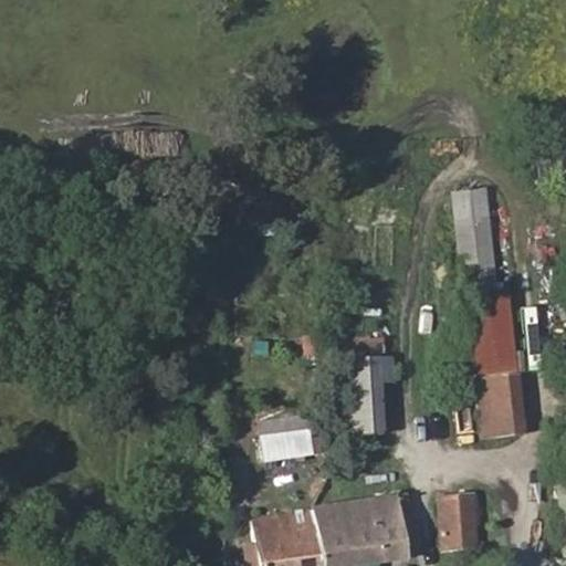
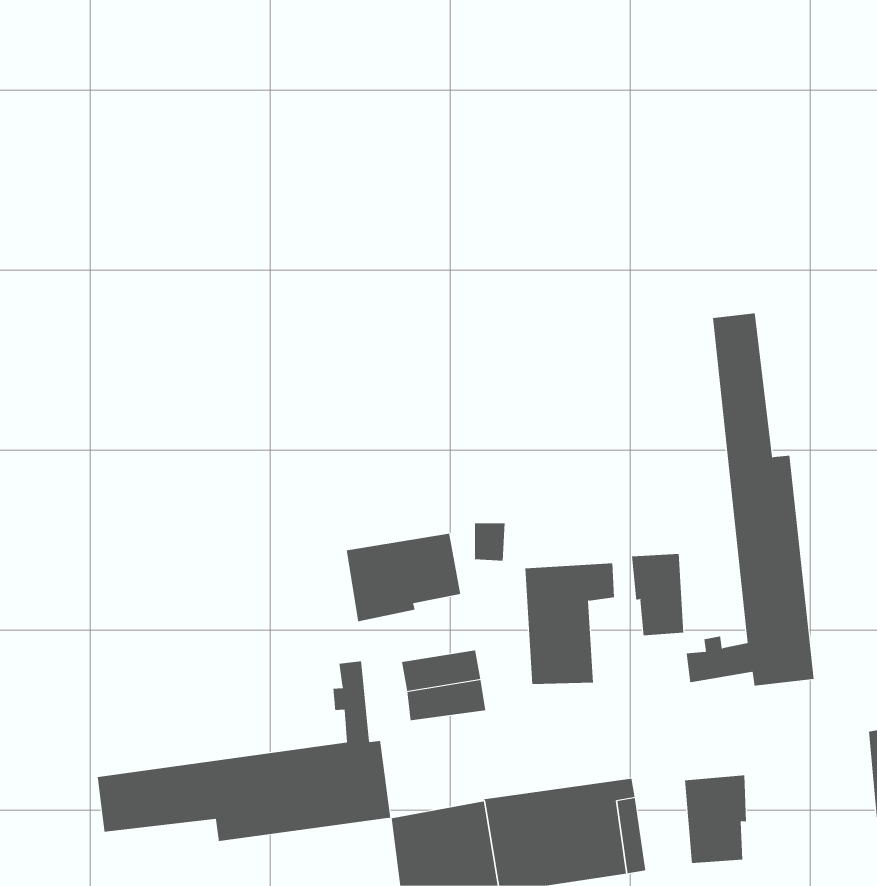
building: none -> [346,533,461,622]
building: none -> [632,553,684,636]
building: none -> [97,660,391,842]

